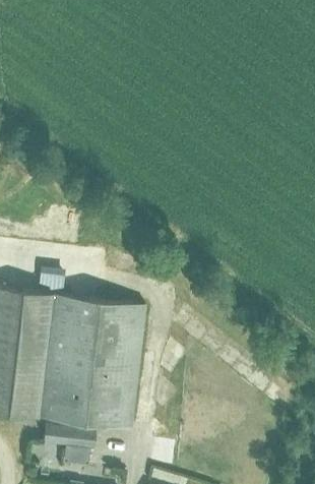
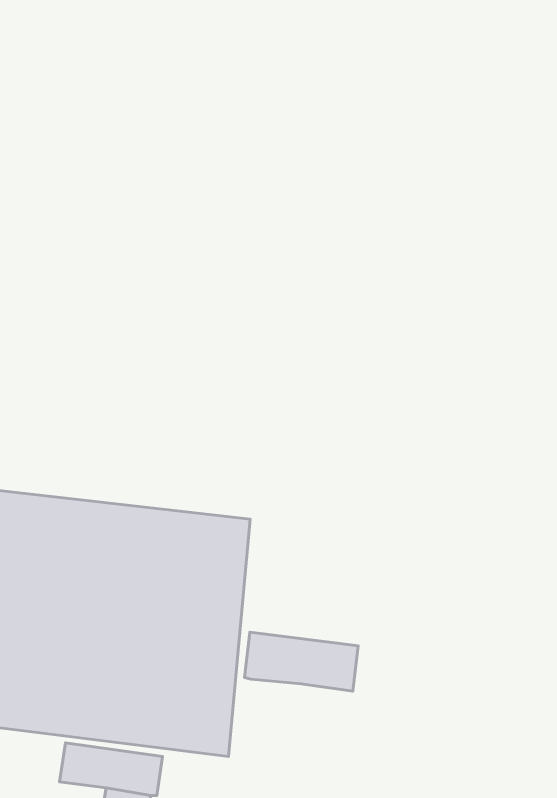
building: none -> [244,632,358,691]

